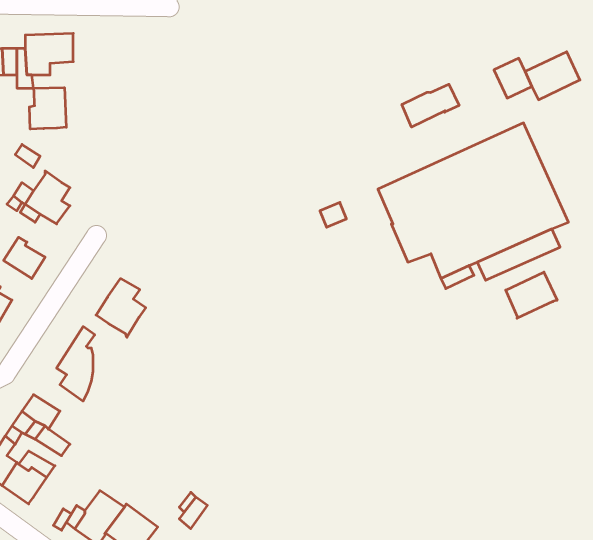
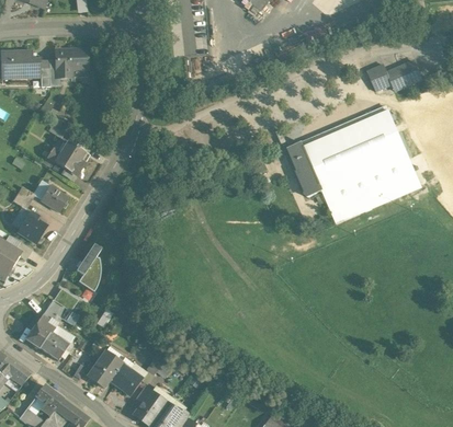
building: [402,84,459,127] -> none
building: [29,88,66,129] -> none
building: [506,272,557,318] -> none
building: [96,279,146,337] -> none

